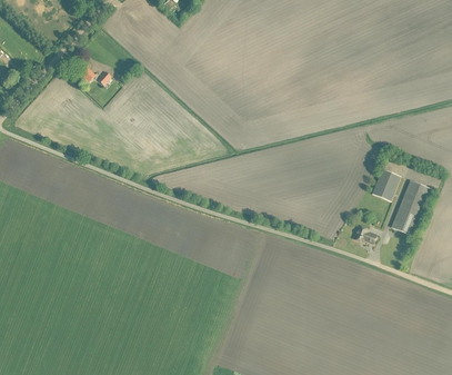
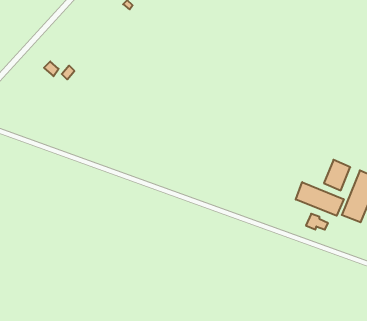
building: none -> [296,182,344,216]

